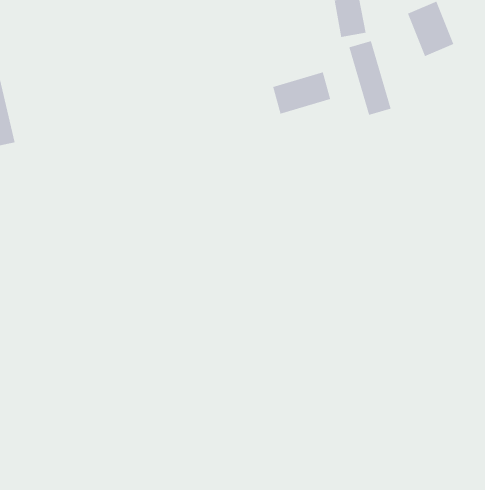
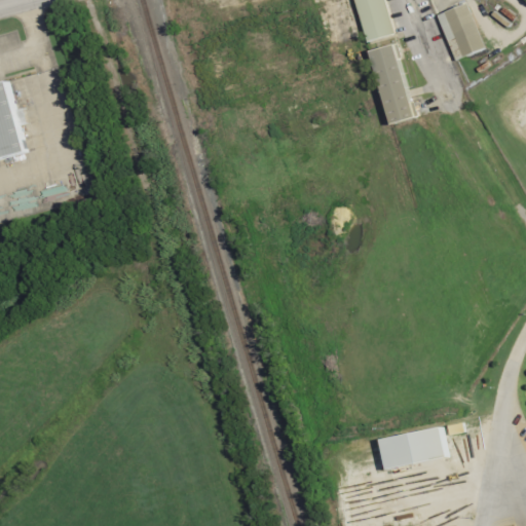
building: [273,72,331,114] -> none
building: none -> [377,426,451,467]

